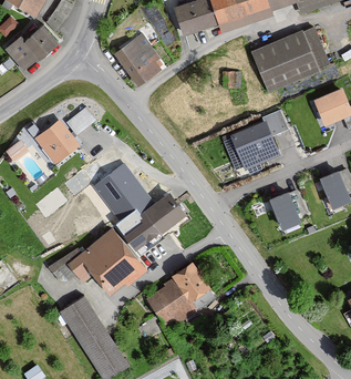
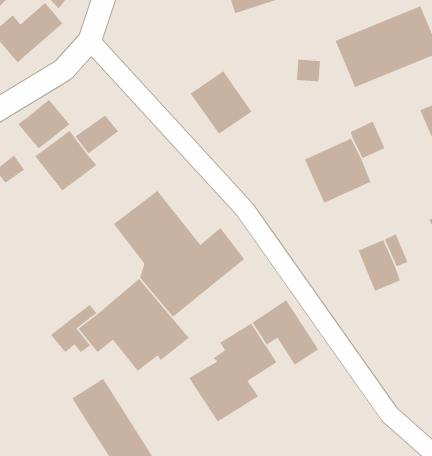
building: [116,37,162,83] -> [190,70,253,135]
building: none -> [17,99,70,150]
building: none -> [251,299,319,366]

